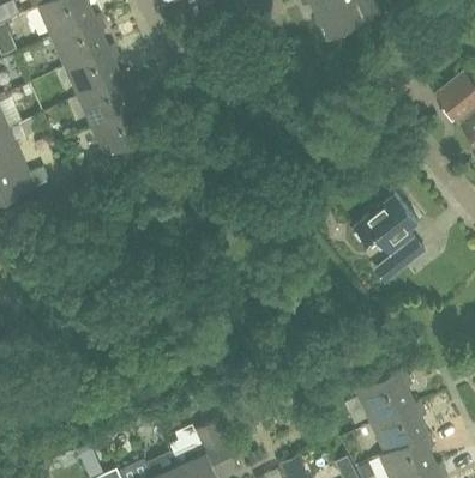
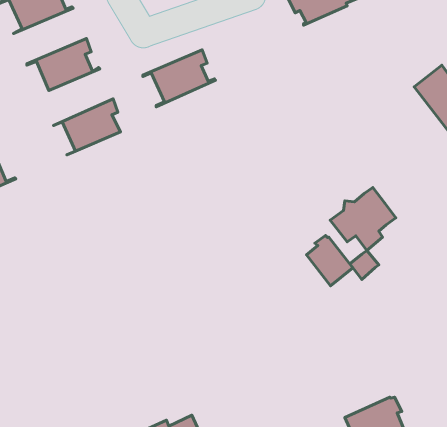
building: [42,17,114,68] -> none
building: [68,77,140,133] -> [143,50,216,107]
building: none -> [307,235,353,286]
building: [355,367,414,422] -> none

